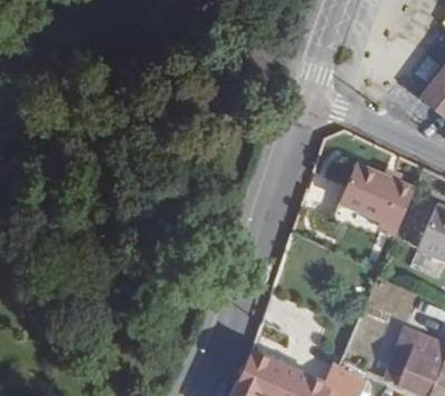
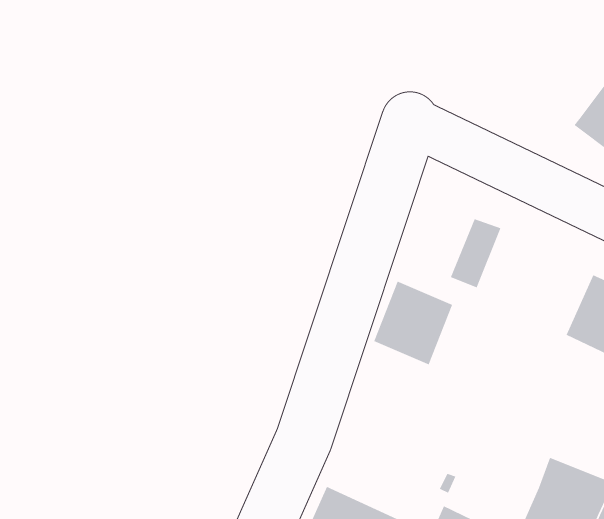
building: [355,171,411,230] -> [373,280,453,365]

